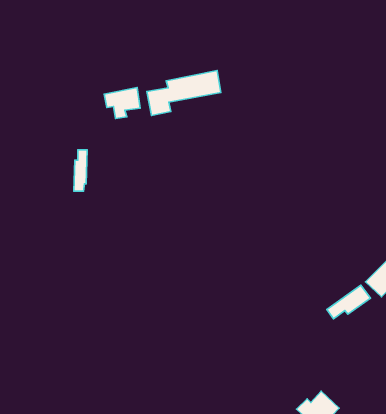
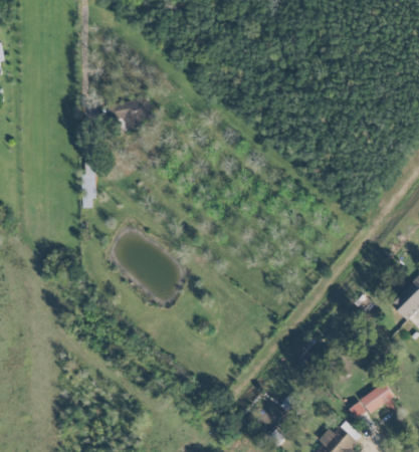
building: [147,70,221,115] -> none
building: [327,285,370,319] -> [349,384,395,420]

